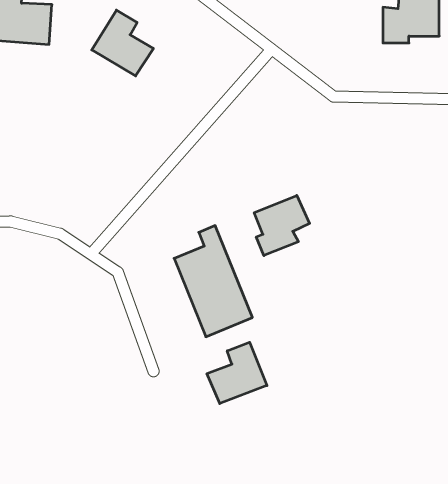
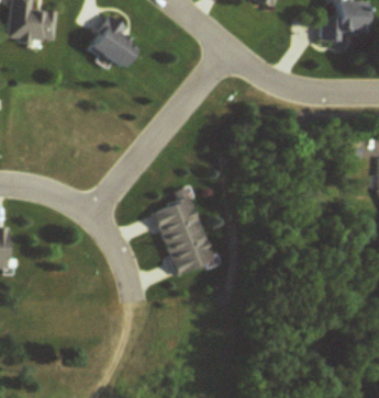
building: [254,195,310,256] -> none
building: [207,342,267,404] -> none

